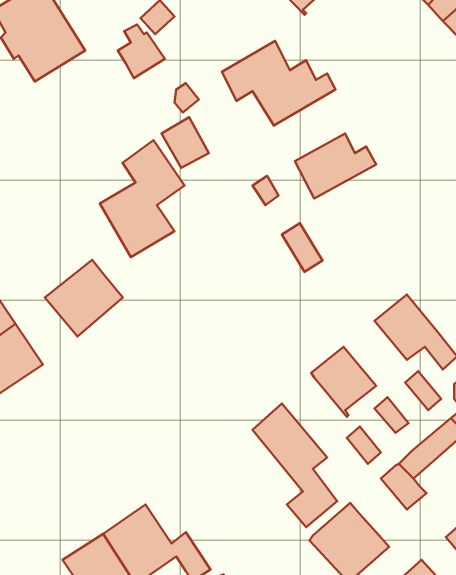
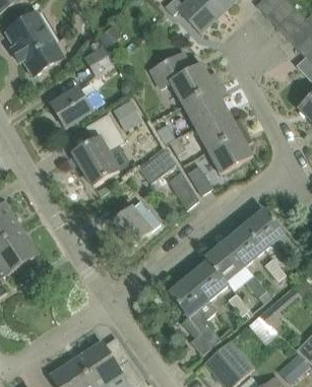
building: none -> [182,81,228,126]
building: none -> [51,88,104,127]
building: none -> [207,128,253,173]
building: none -> [138,145,177,183]
building: none -> [168,171,199,209]
building: [45,260,123,336] -> [111,200,160,248]
building: none -> [226,225,265,266]
building: none -> [187,261,228,311]

